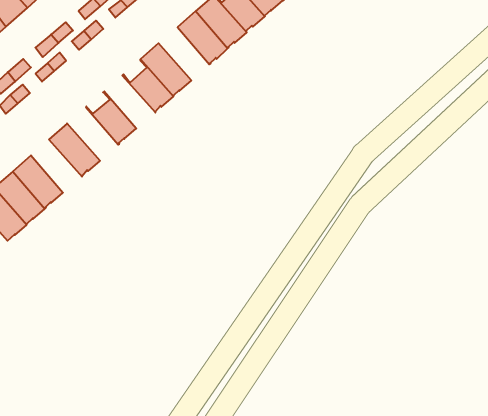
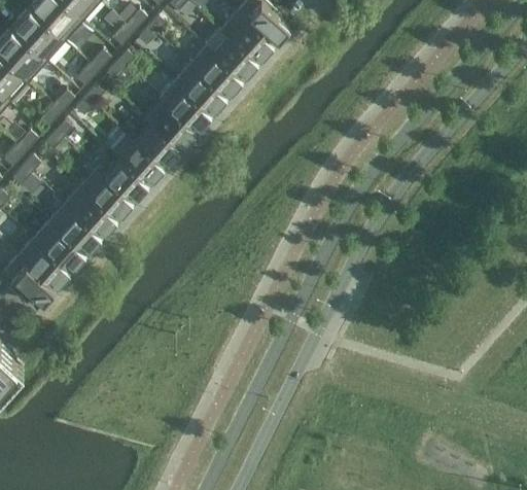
building: none -> [159,82,210,132]
building: none -> [112,135,164,184]
building: none -> [80,170,132,219]
building: none -> [49,205,101,254]

